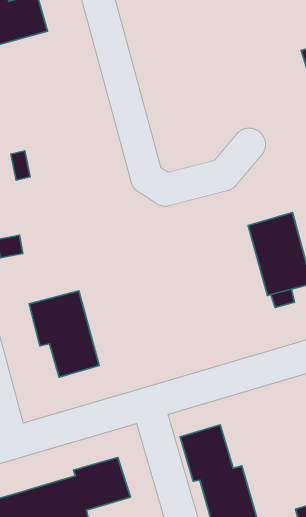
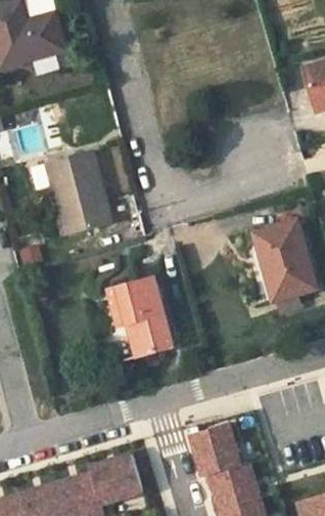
building: none -> [45,150,109,235]
building: [29,291,99,377] -> [107,277,174,359]

